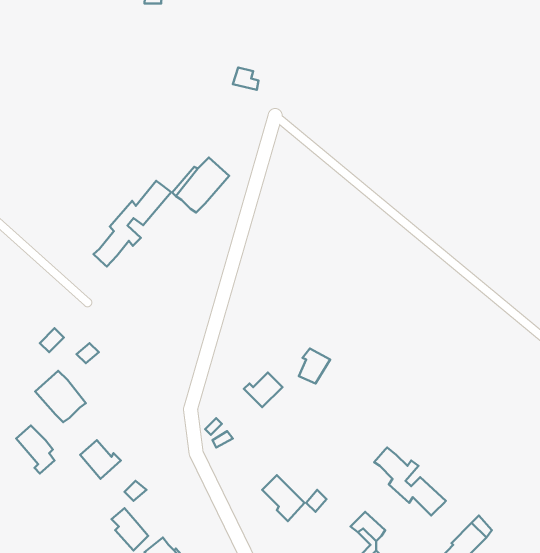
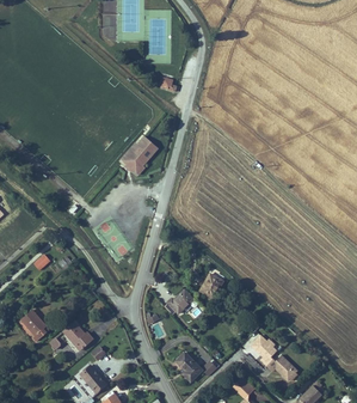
building: [94,181,171,266] -> none
building: [35,371,86,422] -> none

